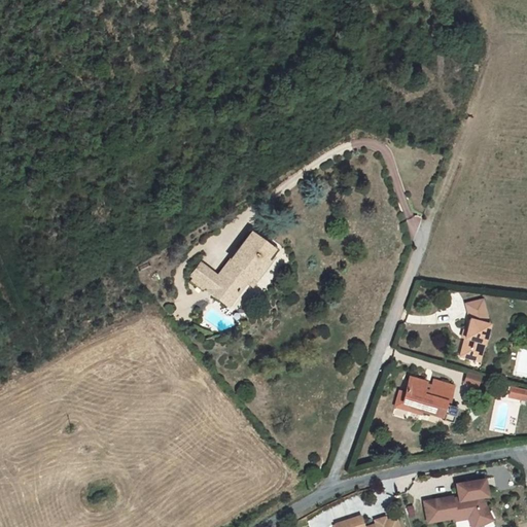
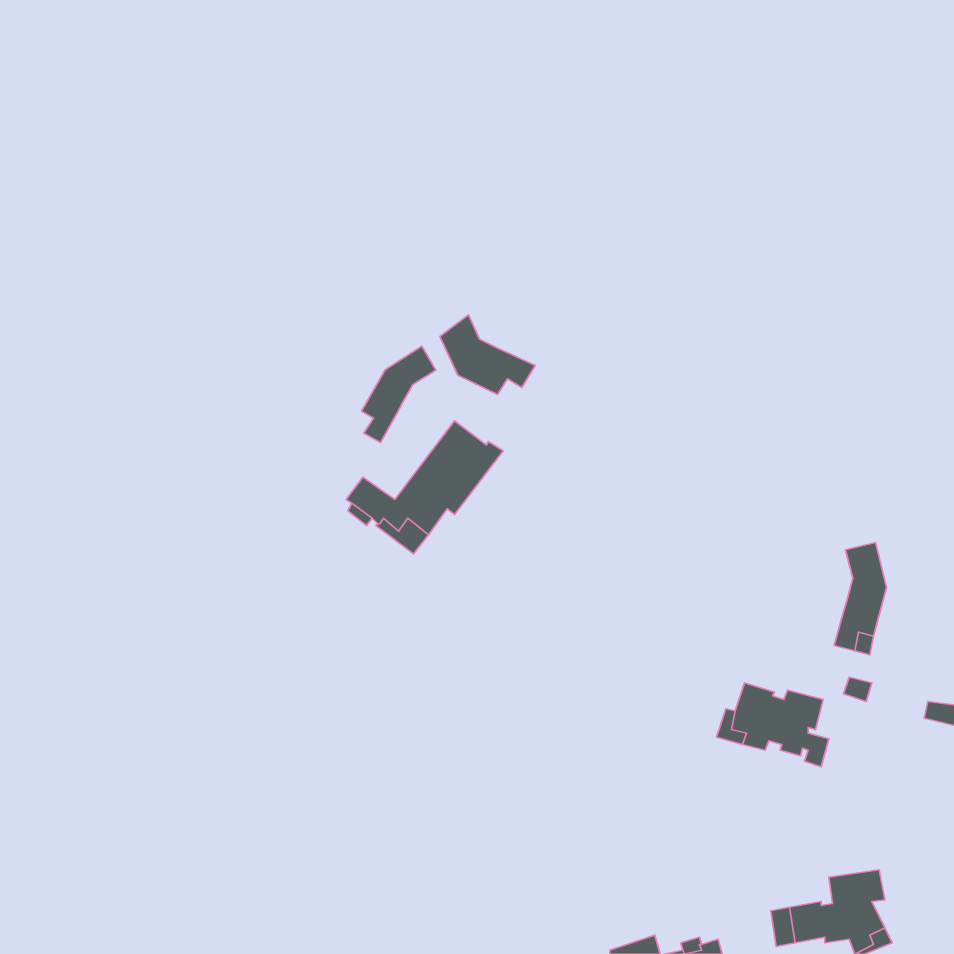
building: none -> [440,315,535,395]
building: none -> [362,346,436,442]

